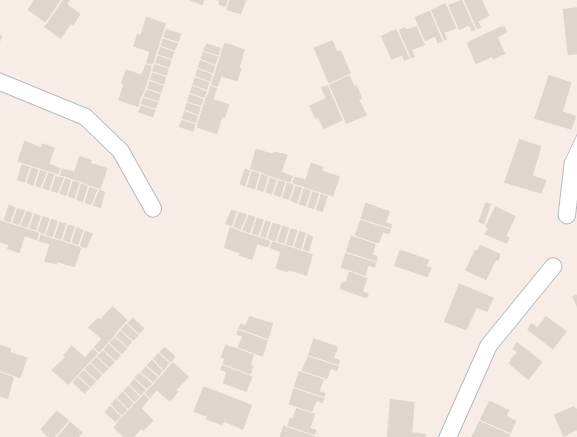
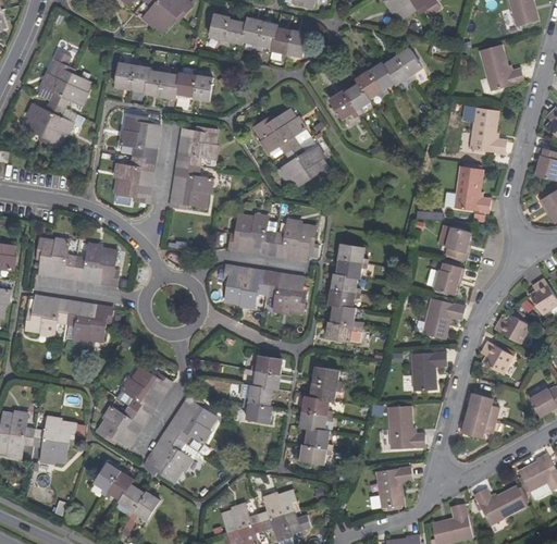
building: [466,25,508,65] -> none
building: none -> [253,115,292,151]
building: [393,249,433,278] -> [325,321,359,342]
building: none -> [413,351,447,390]
building: [193,386,253,431] -> none

